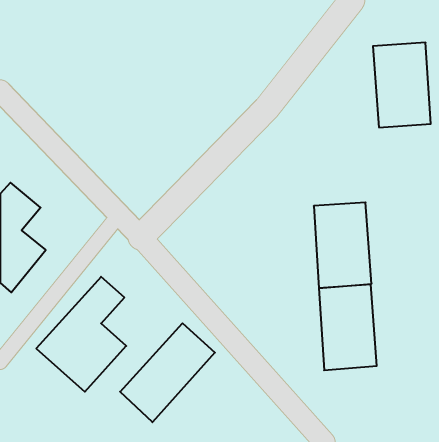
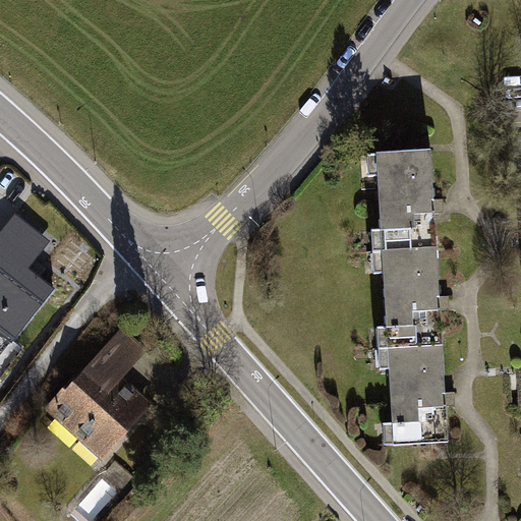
building: [373,43,431,127] -> [365,142,433,242]
building: [120,323,215,422] -> none

